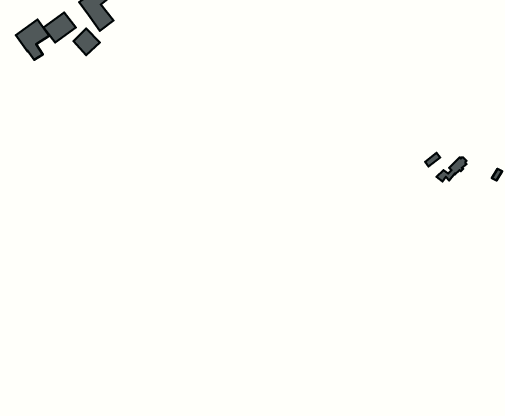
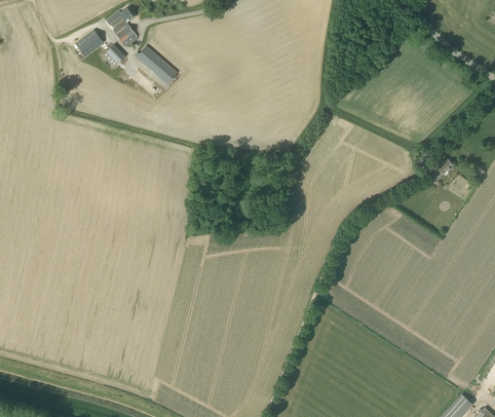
building: [16,19,49,60] -> none
building: none -> [136,45,178,84]

